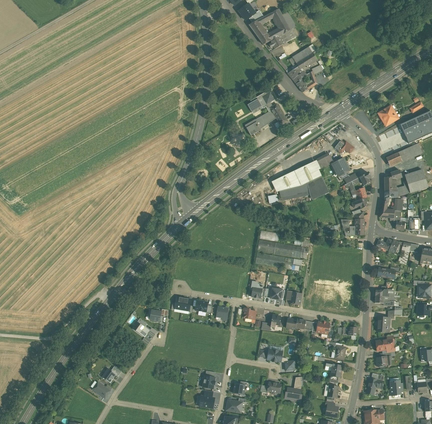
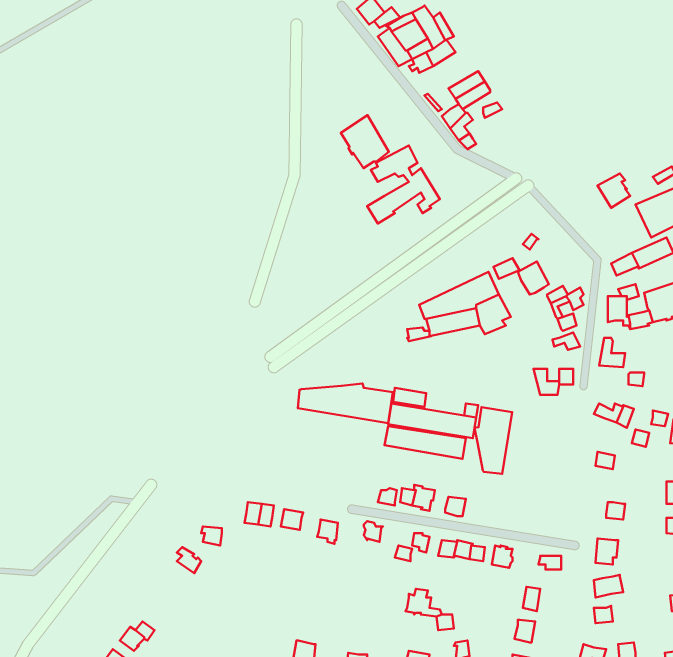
building: none -> [341,115,389,168]
building: none -> [298,384,393,423]
building: none -> [475,407,512,474]

